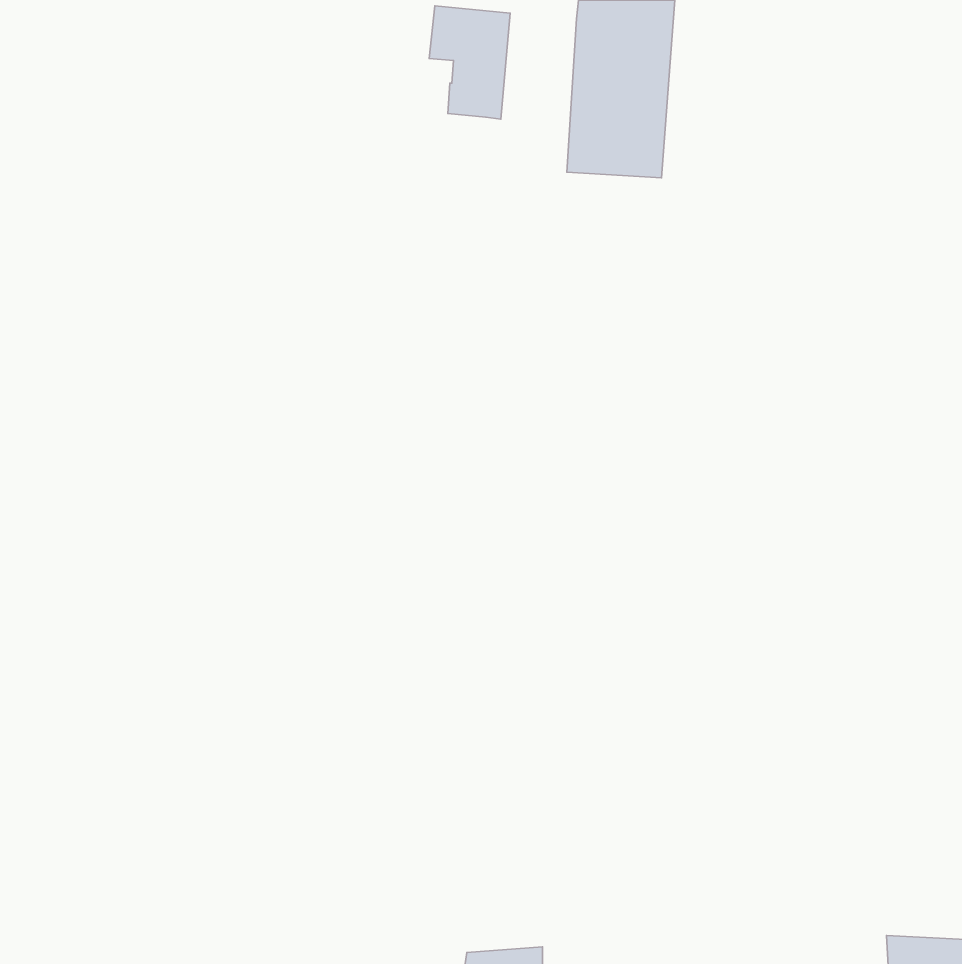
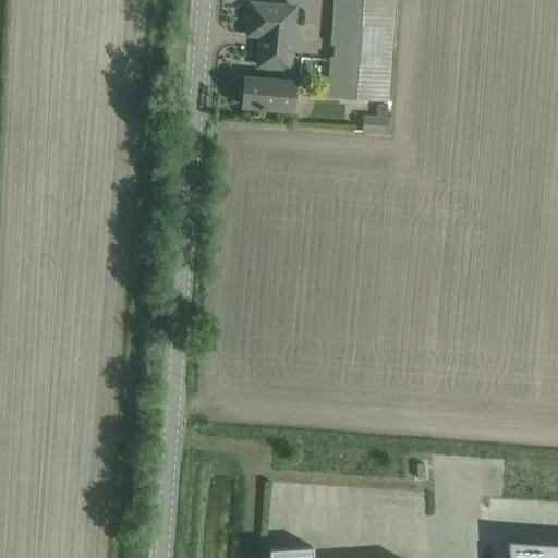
building: none -> [244,77,298,110]

